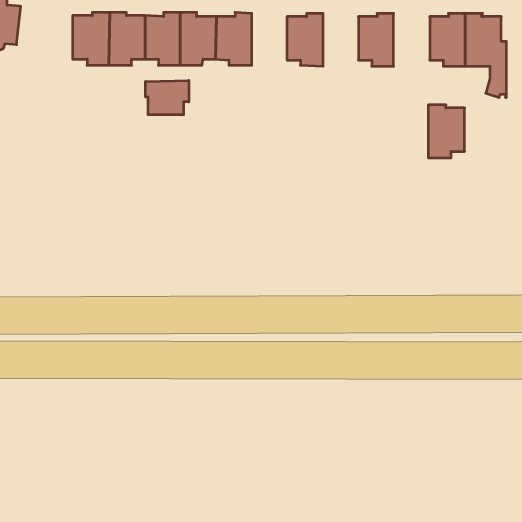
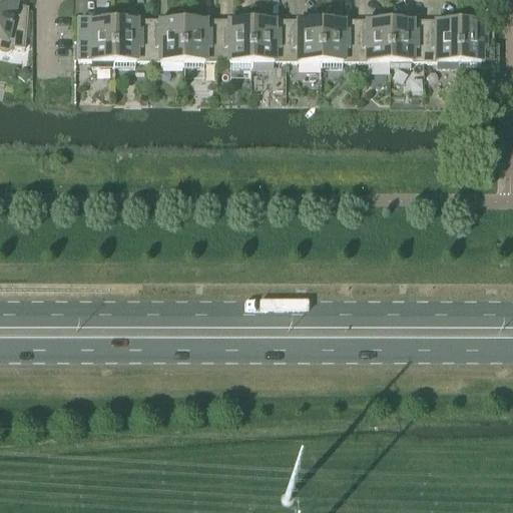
building: none -> [243,13,278,63]
building: none -> [313,13,347,64]
building: [146,80,189,115] -> none
building: [428,105,465,158] -> [381,13,416,64]

